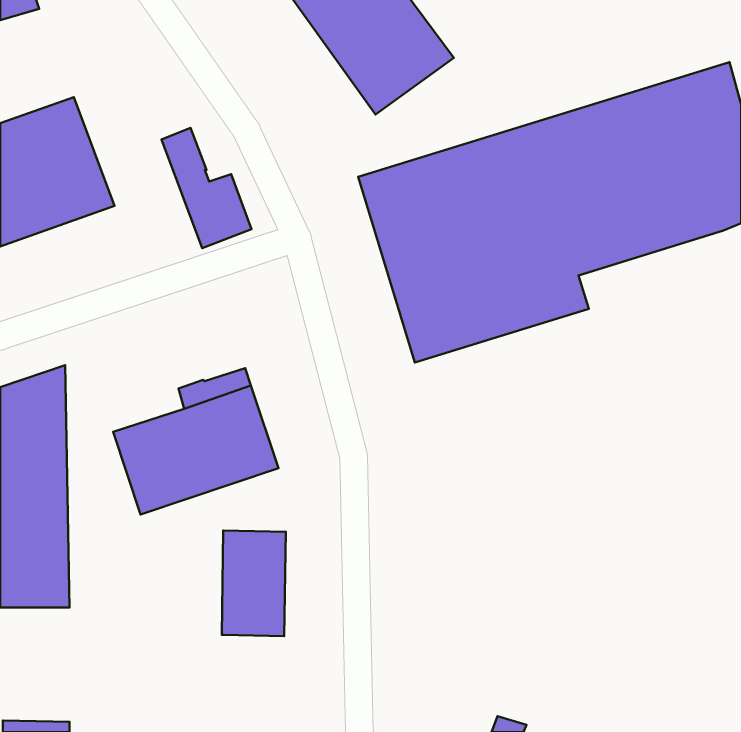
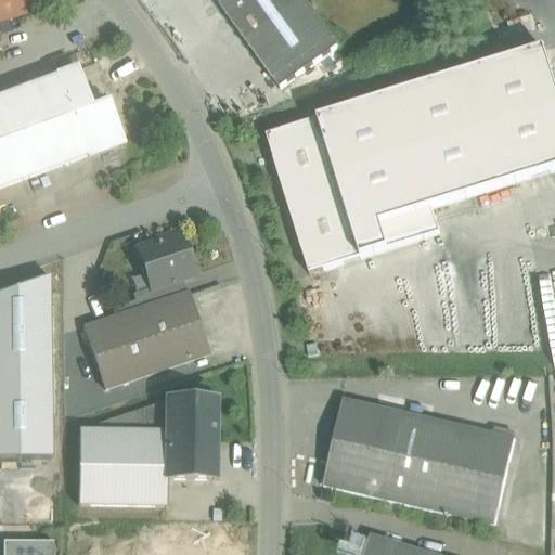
building: [161,128,251,248] -> [55,64,122,154]
building: none -> [137,229,192,285]
building: none -> [324,396,515,522]
building: none -> [78,397,167,503]

